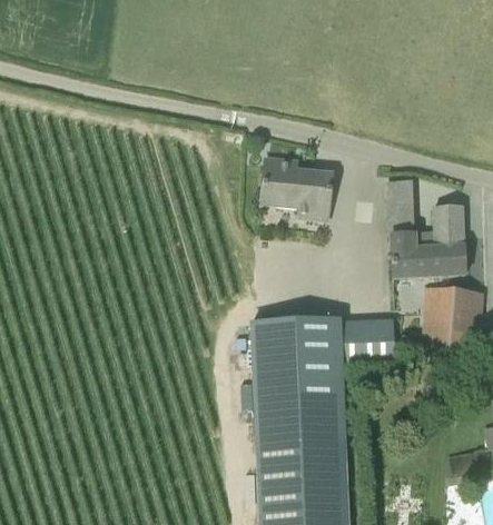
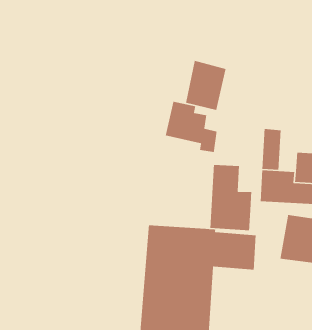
building: none -> [185,60,226,111]
building: none -> [210,164,252,231]

